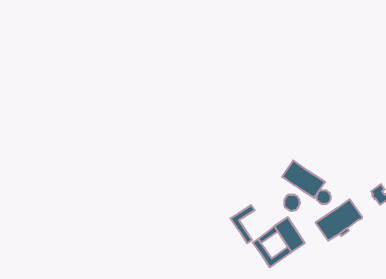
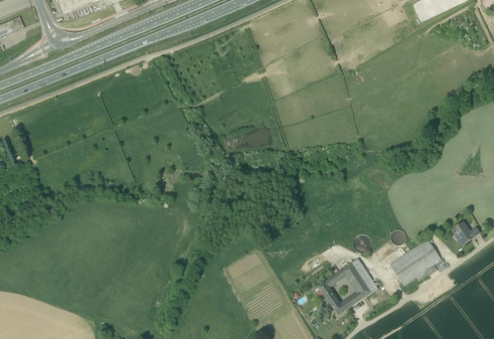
building: [282,160,325,198] -> none
building: [230,205,255,243] -> none

